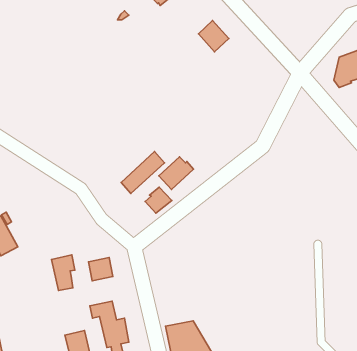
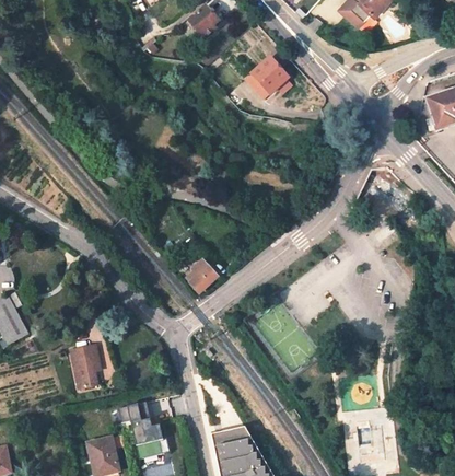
building: [121,152,165,194] -> none
building: [159,157,194,189] -> none
building: [88,257,113,281] -> none

